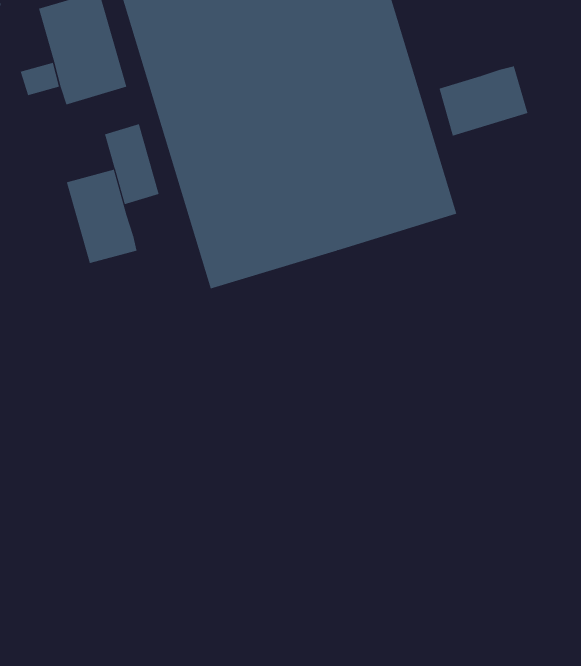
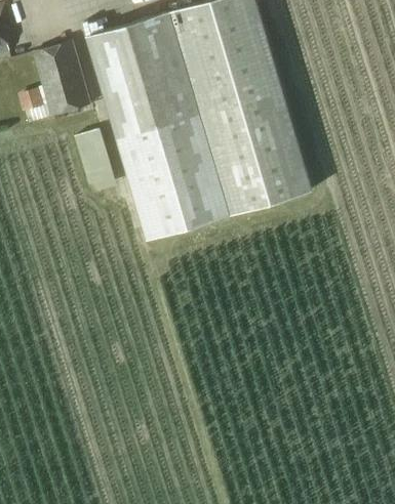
building: [439,65,528,136] -> none
building: [66,169,137,264] -> none

